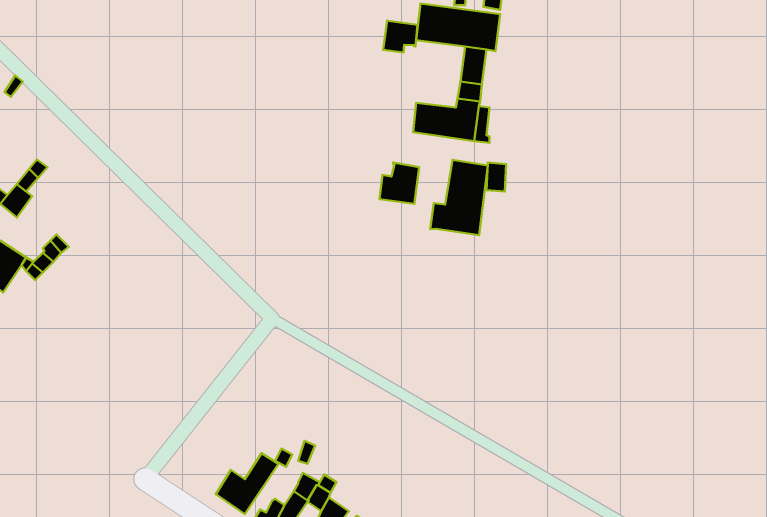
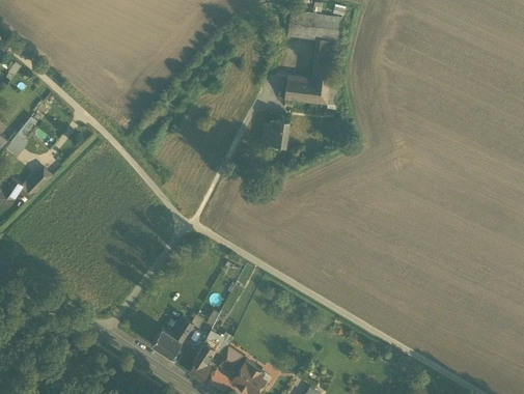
building: [383,21,417,53] -> none
building: [430,160,488,235] -> none

